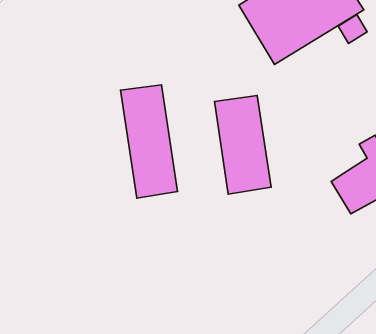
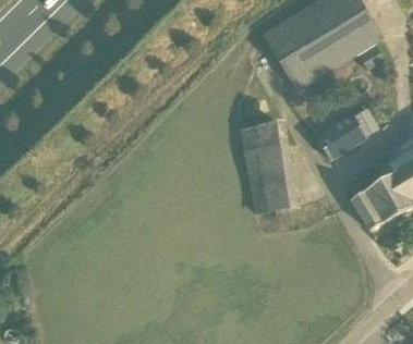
building: [121,85,177,198] -> none
building: none -> [318,118,366,159]

